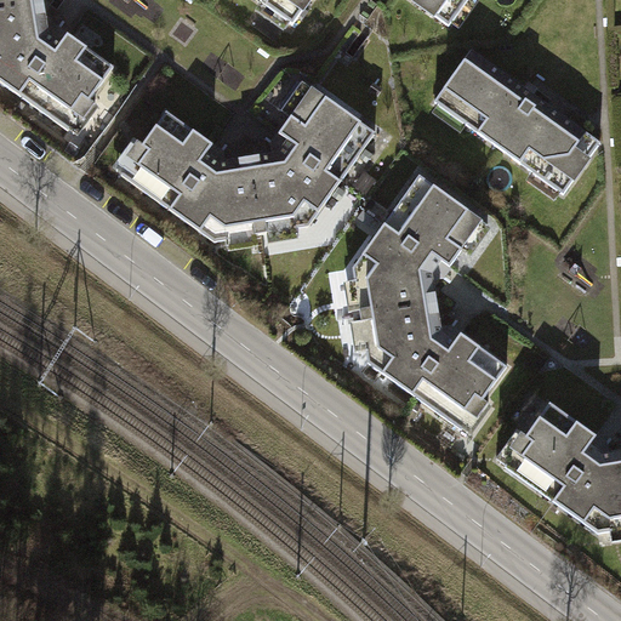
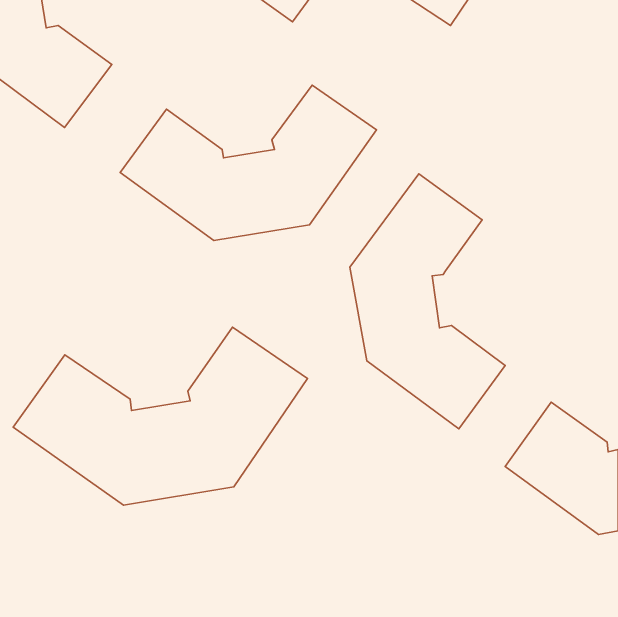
building: [435,50,598,190] -> none
building: none -> [13,327,308,505]

